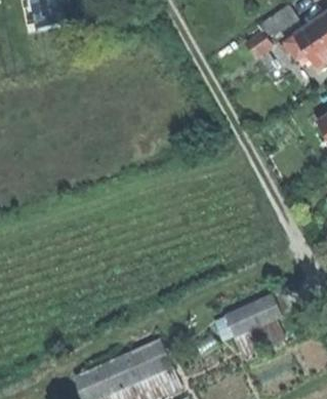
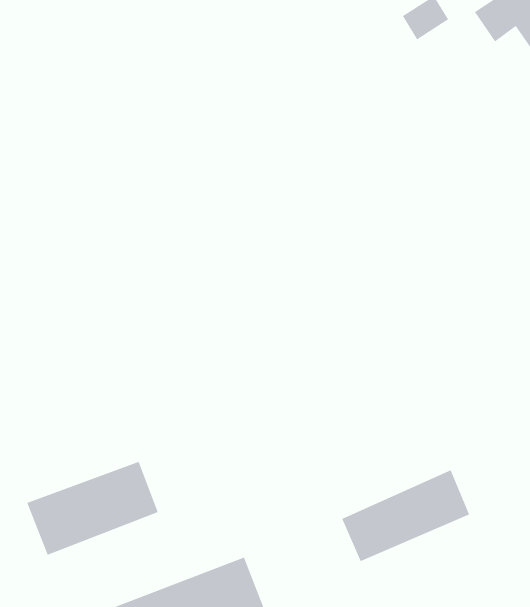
building: none -> [26,461,159,556]

